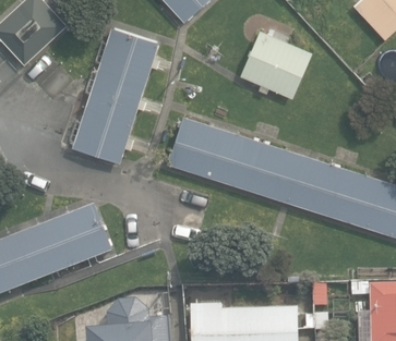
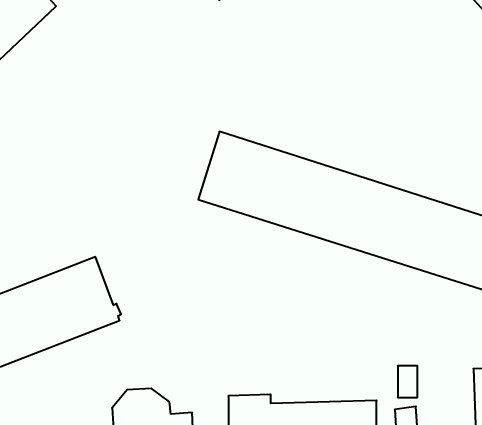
building: [71,26,159,162] -> none
building: [240,29,311,98] -> none

